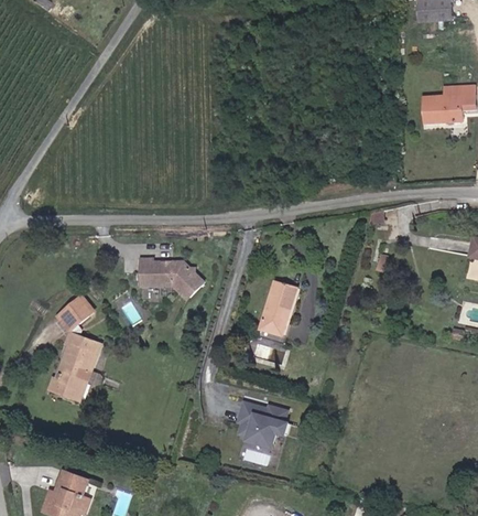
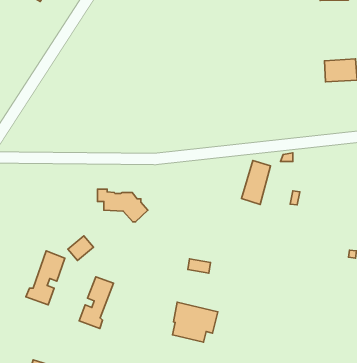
building: [262,281,298,336] -> [241,160,271,205]
building: [55,293,87,324] -> [68,236,93,261]
building: none -> [79,277,113,329]

